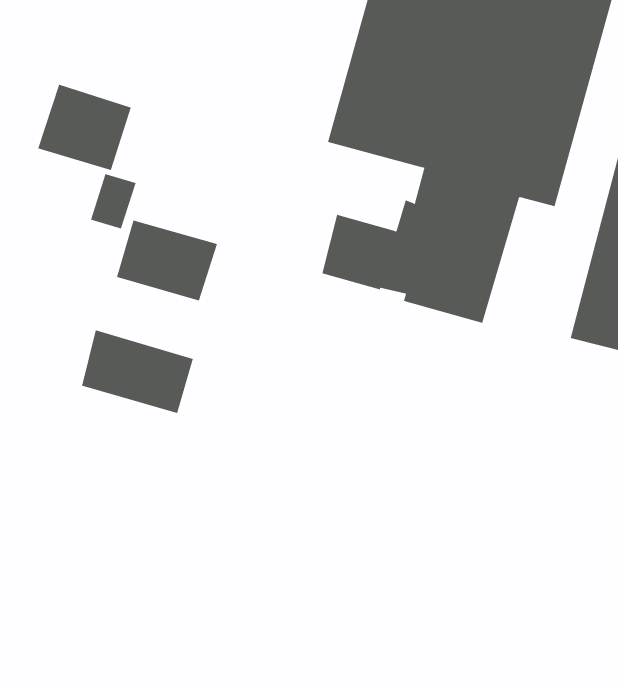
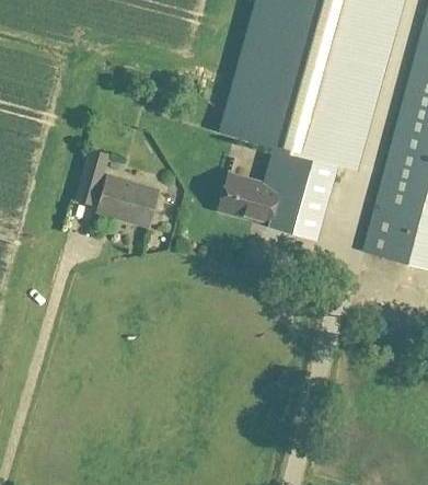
building: [38,84,132,171] -> none
building: [81,330,194,414] -> none

